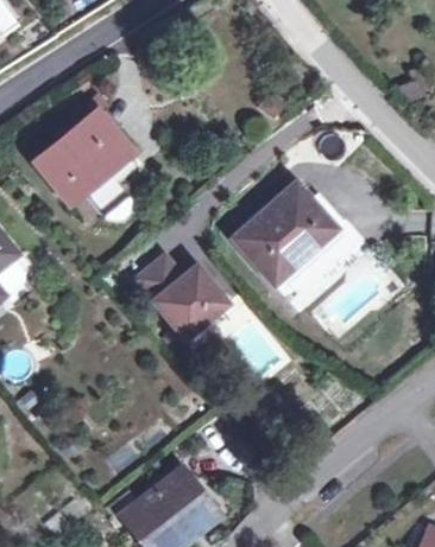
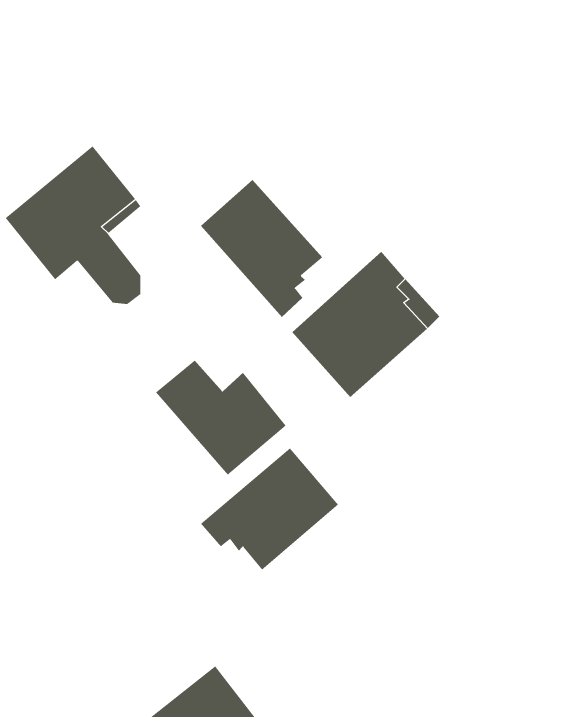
building: none -> [200,179,323,318]
building: none -> [200,448,339,571]

